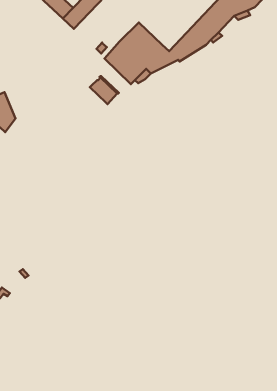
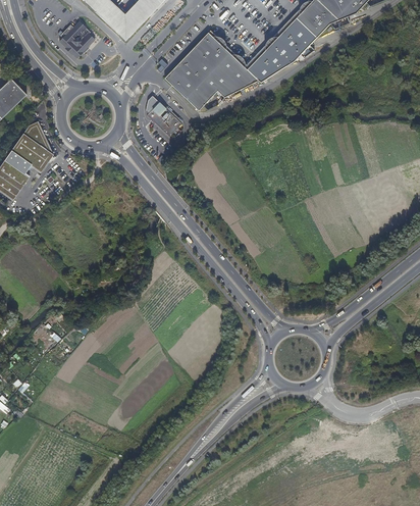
building: none -> [58,19,94,56]

